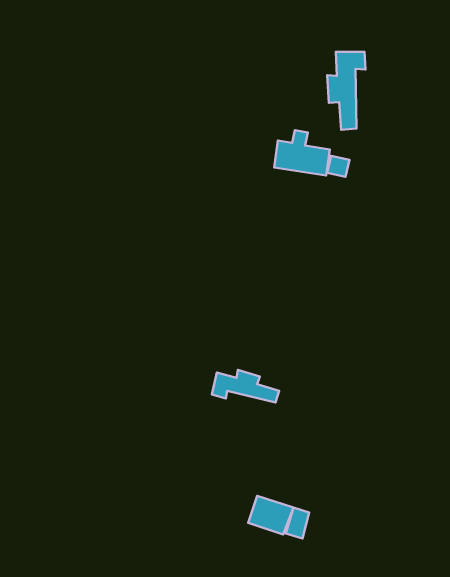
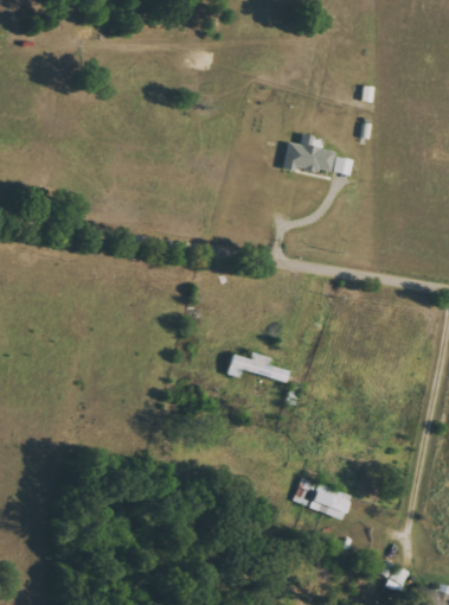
building: [327,52,365,130] -> none
building: [248,496,294,535] -> [309,484,351,520]

